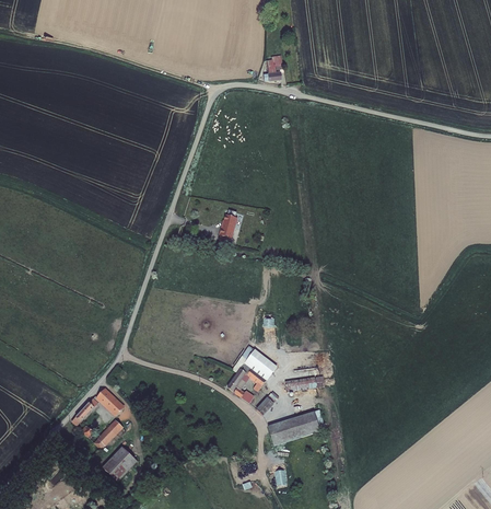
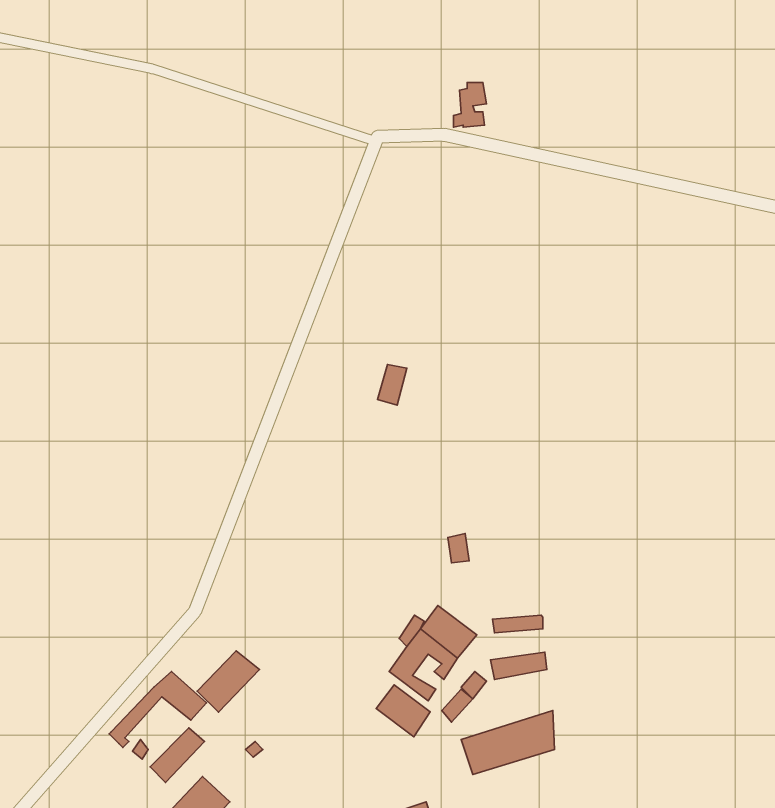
building: none -> [197,651,259,712]
building: none -> [376,685,430,737]

